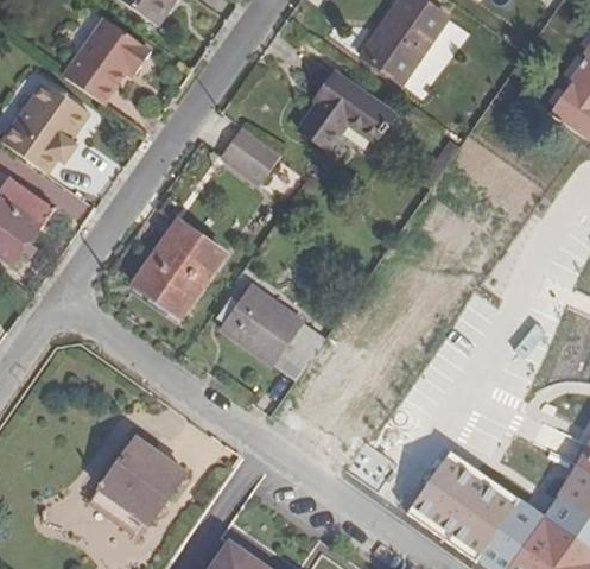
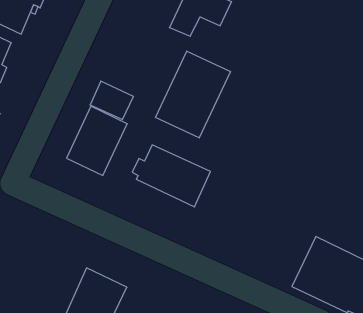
building: [222,125,283,182] -> [90,81,133,119]
building: none -> [155,51,231,138]

